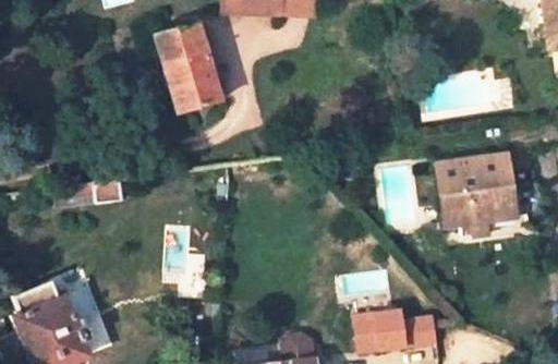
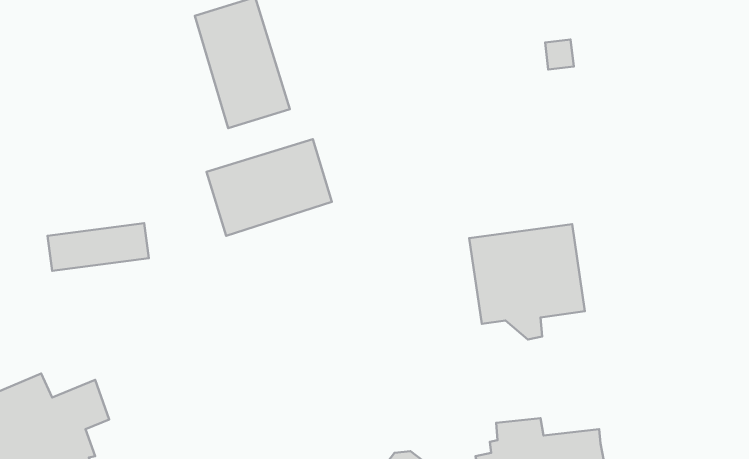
building: none -> [207,139,332,236]
building: [436,155,515,234] -> [469,224,585,340]

